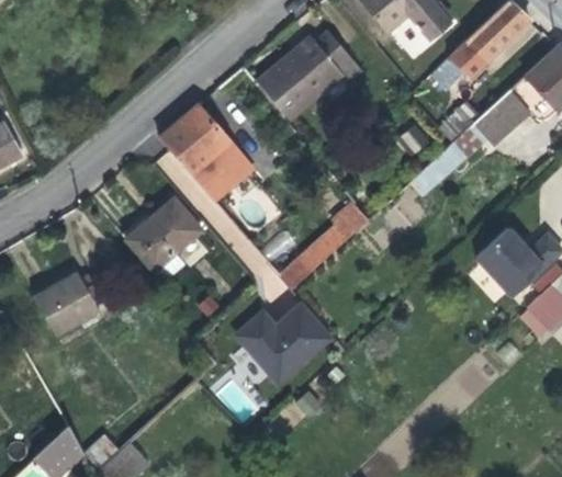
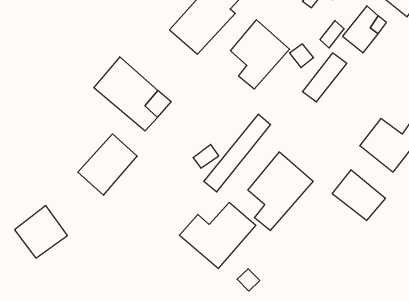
building: none -> [230,20,290,89]
building: none -> [248,152,313,231]
building: none -> [332,170,385,221]

